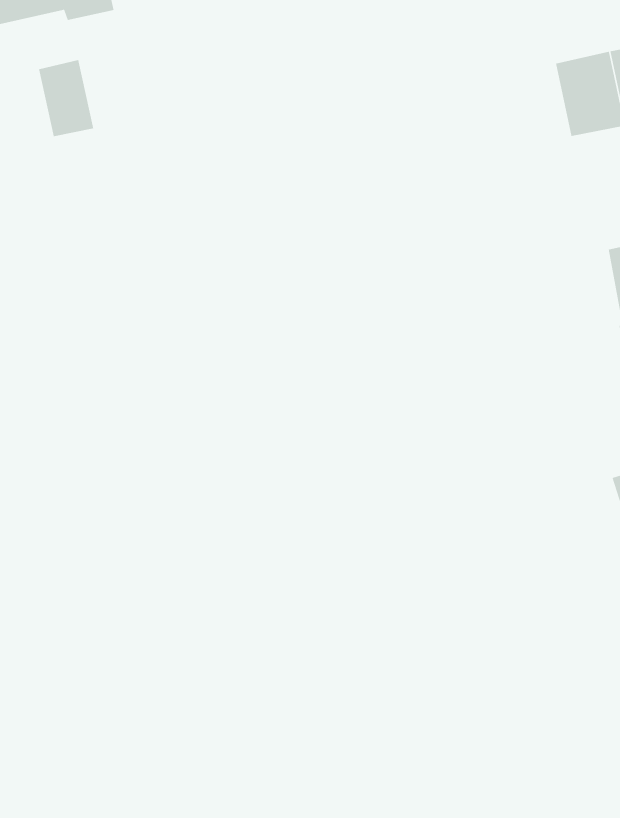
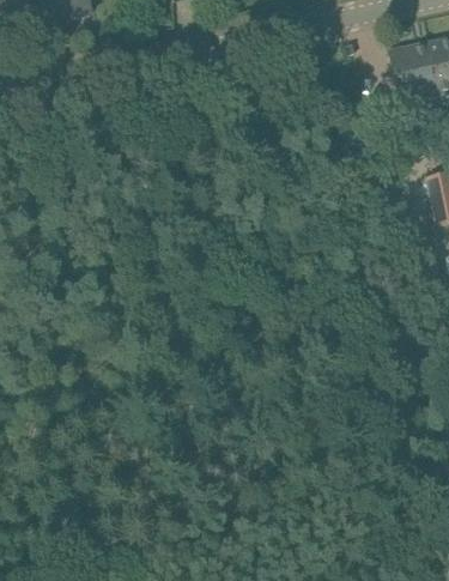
building: [38,59,94,137] -> none

